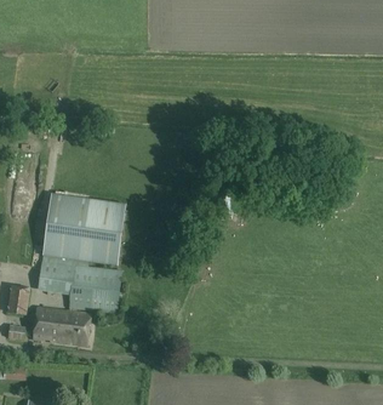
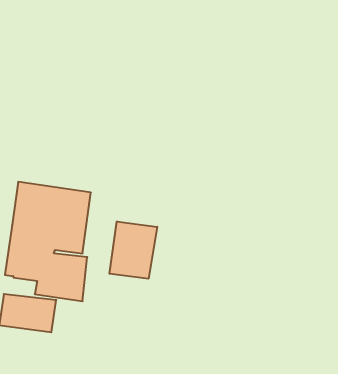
building: none -> [109,221,157,279]

